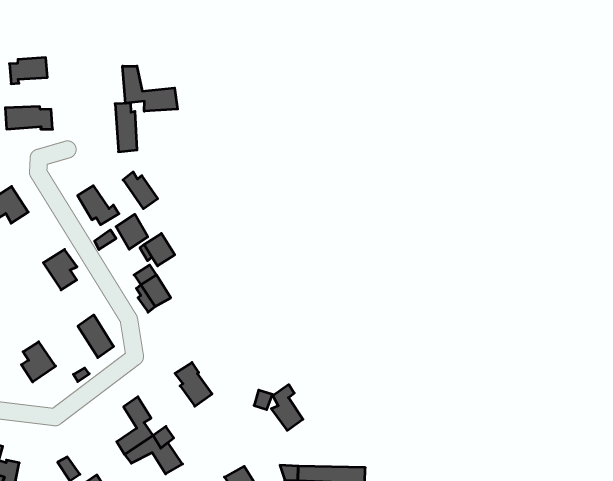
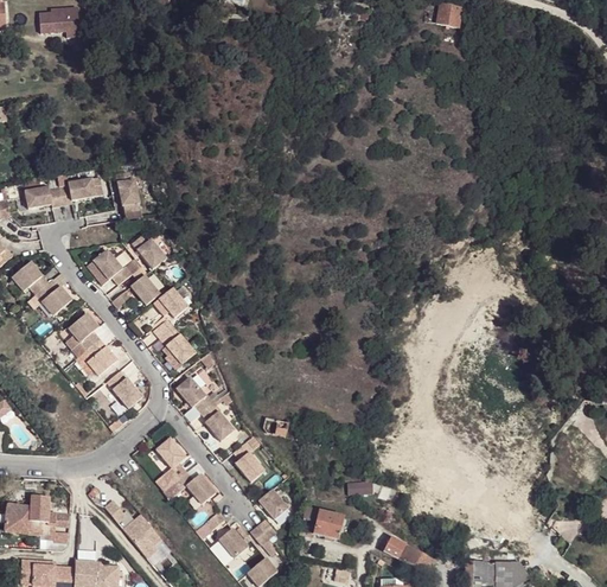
building: [9,58,47,84] -> [59,179,95,206]
building: [123,66,178,111] -> none
building: none -> [36,283,72,315]
building: none -> [174,376,213,413]
building: [21,342,56,382] -> [88,339,119,376]
building: [271,385,303,430] -> [232,439,262,480]

